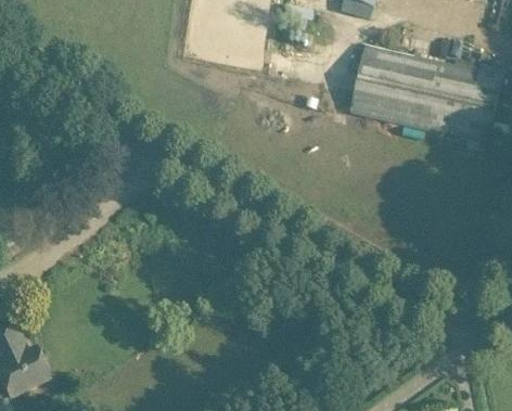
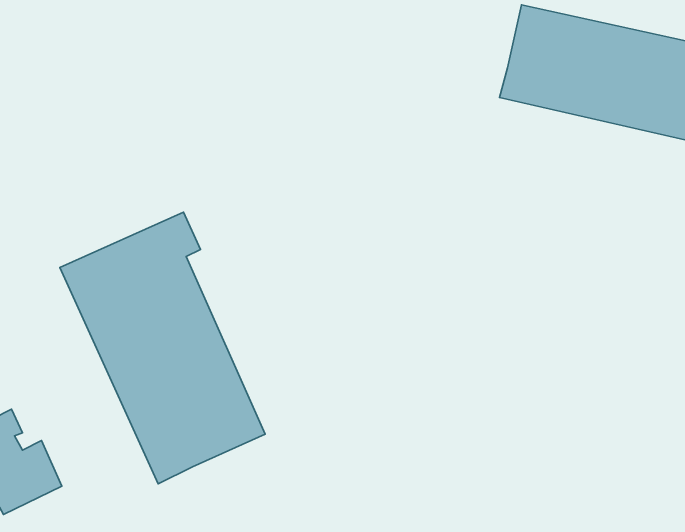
building: none -> [60,212,265,484]

